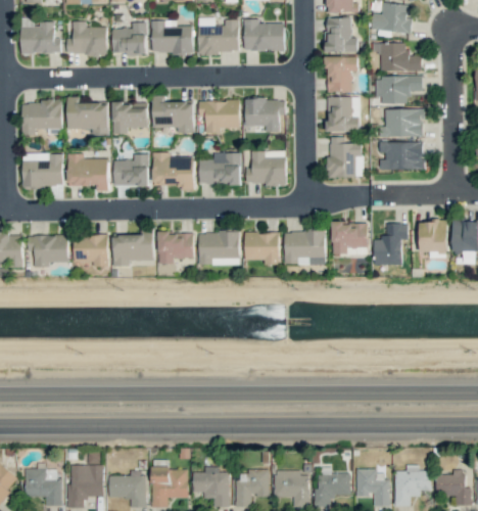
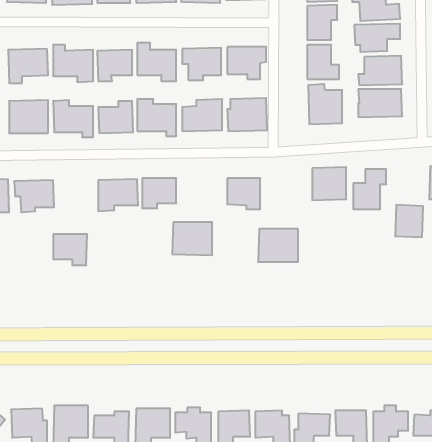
building: [419,221,447,253] -> [395,205,423,237]
building: [284,231,325,265] -> [258,229,298,262]
building: [198,232,239,266] -> [172,222,212,255]
building: [74,235,108,267] -> [53,234,87,265]

